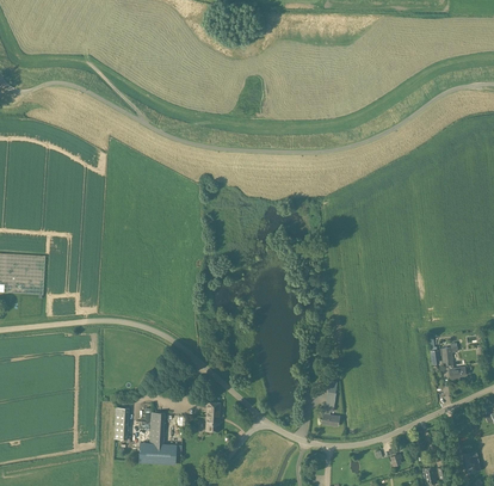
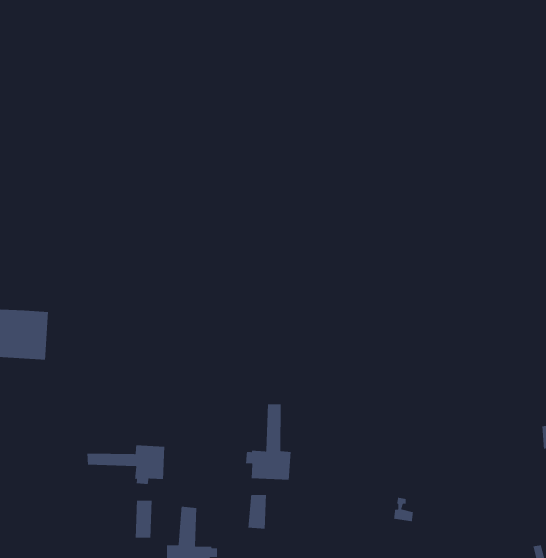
building: none -> [245,403,291,480]
building: none -> [87,444,165,485]

